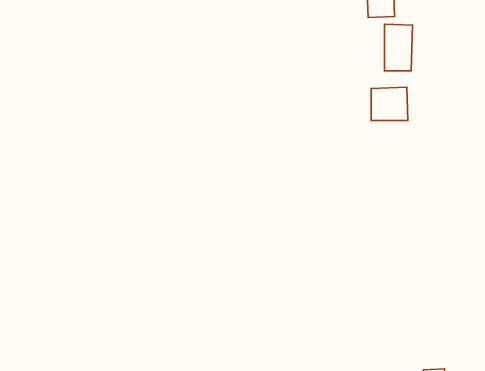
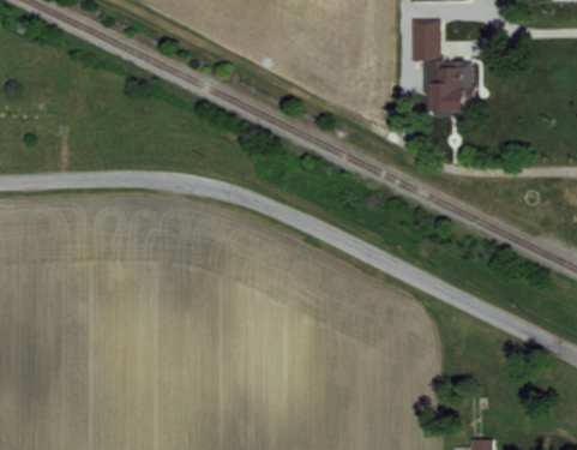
building: [371,87,408,121] -> none

